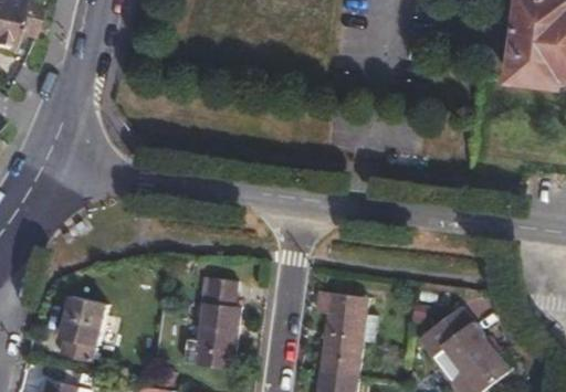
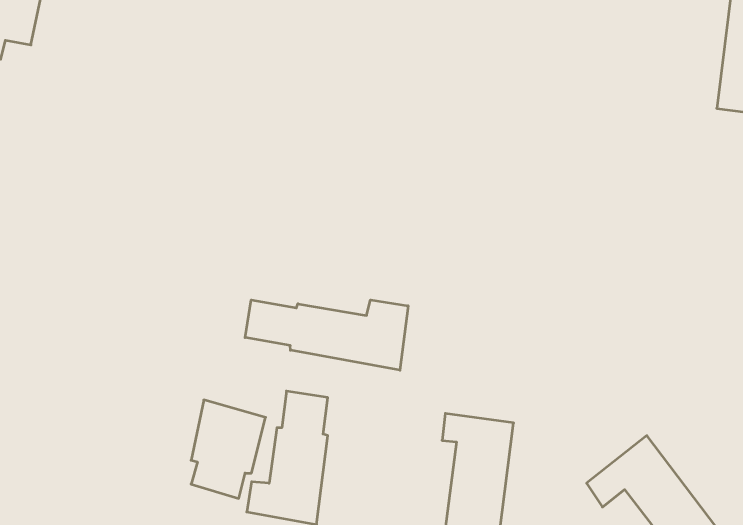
building: none -> [245,300,408,370]
building: [59,296,111,364] -> [191,400,266,498]

